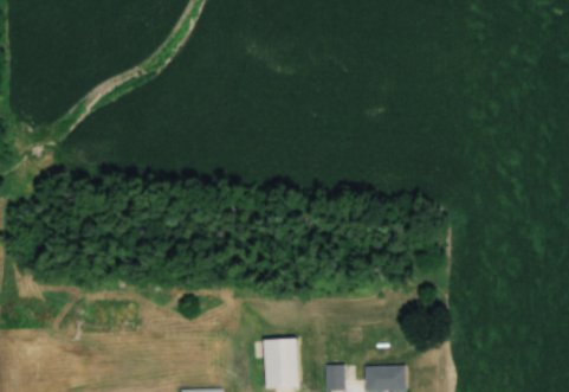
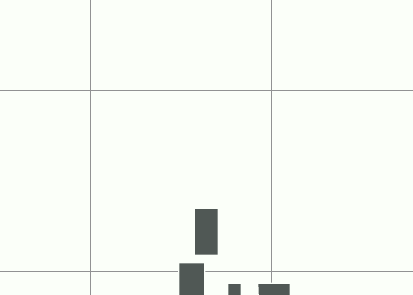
building: none -> [194,208,218,256]

